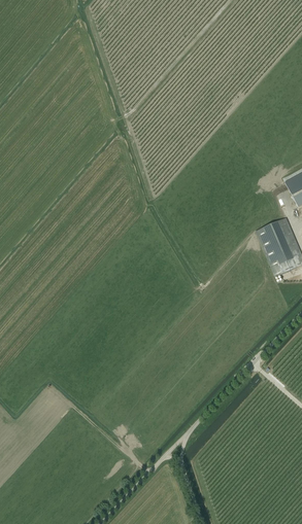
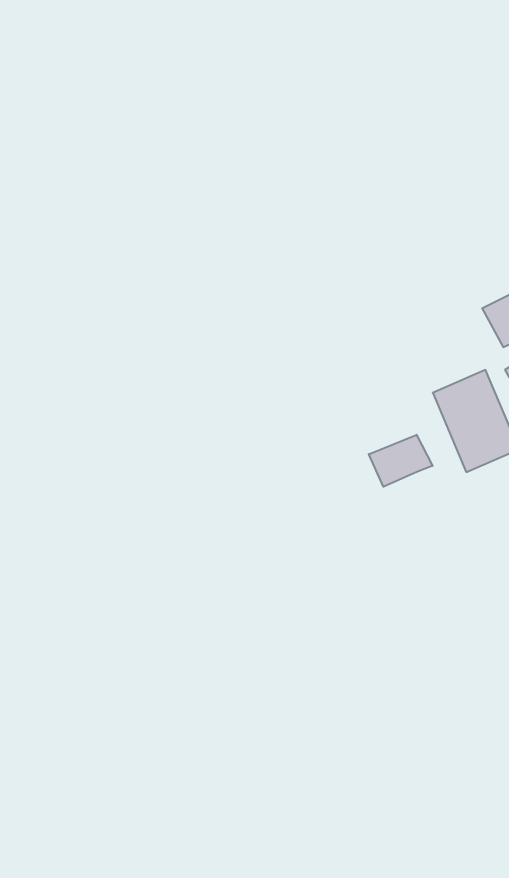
building: none -> [369,435,433,487]

